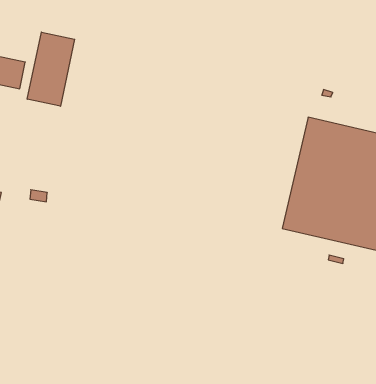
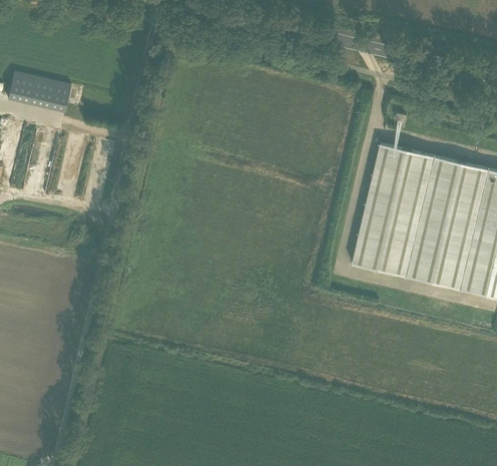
building: [27,32,75,106] -> none

